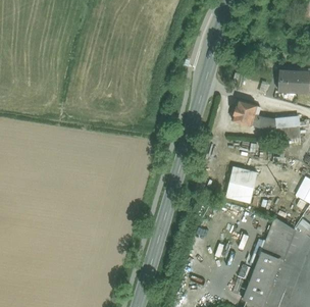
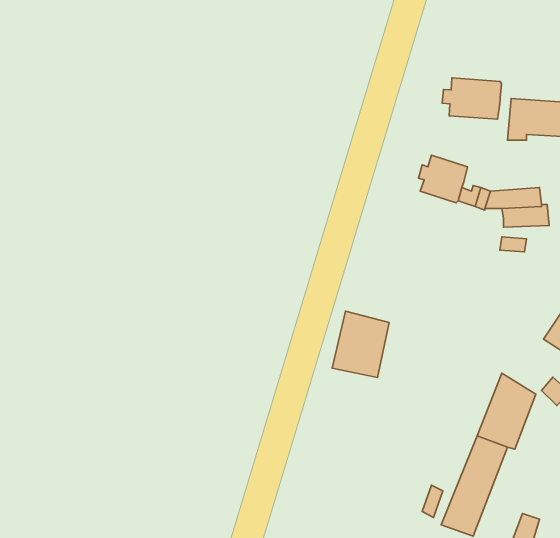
building: none -> [442,78,502,119]
building: [226,166,257,202] -> [332,311,389,378]

